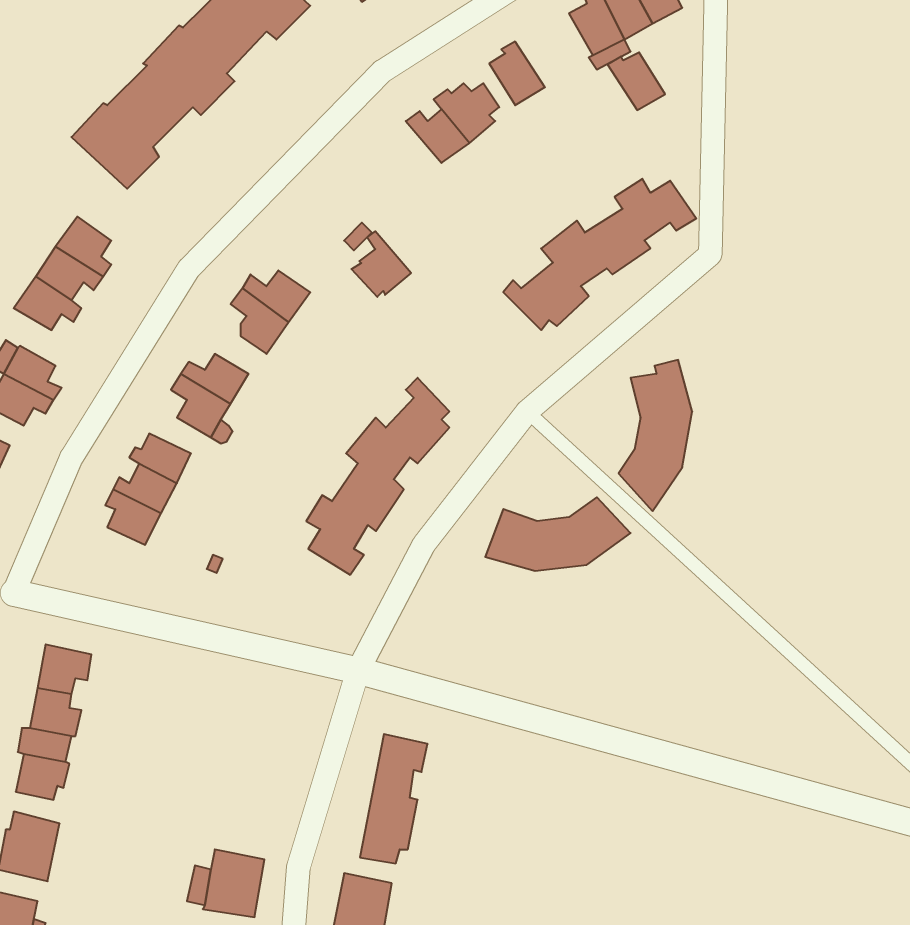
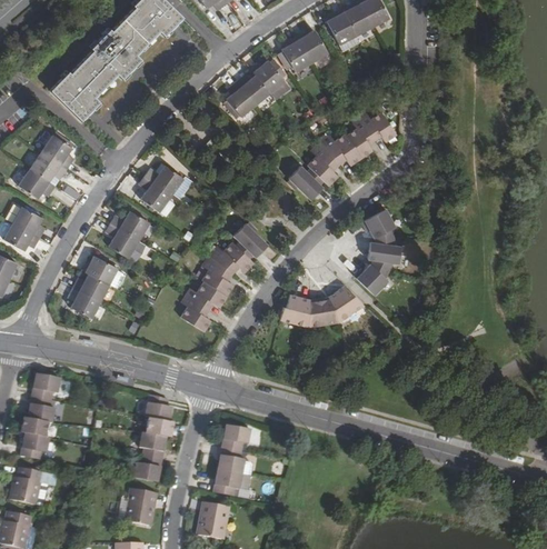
building: [607,52,665,110] -> [298,29,330,61]
building: [351,231,411,297] -> [223,80,257,117]
building: none -> [131,393,172,480]

